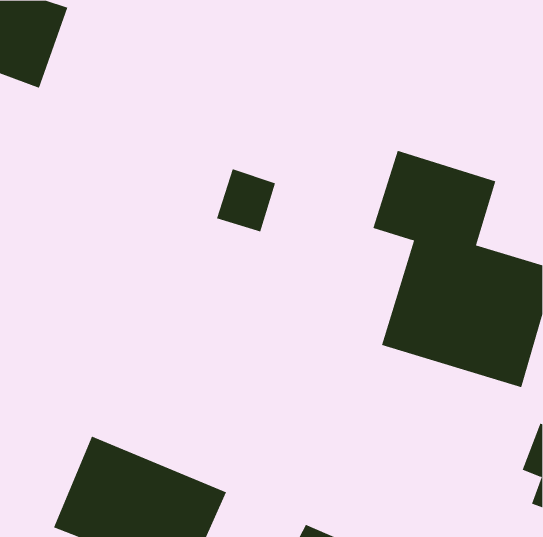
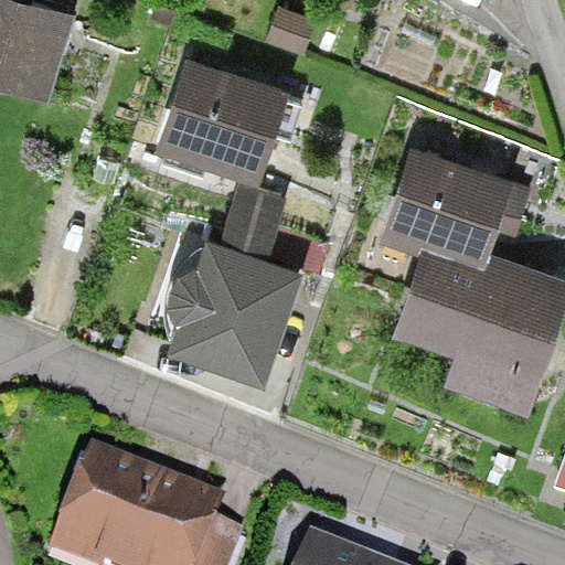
building: none -> [156,52,286,175]
building: none -> [168,231,305,376]

